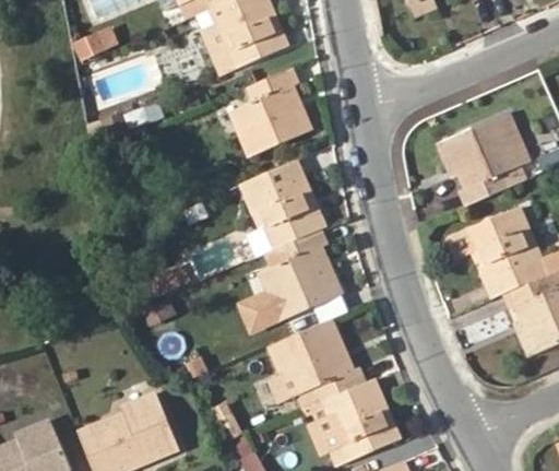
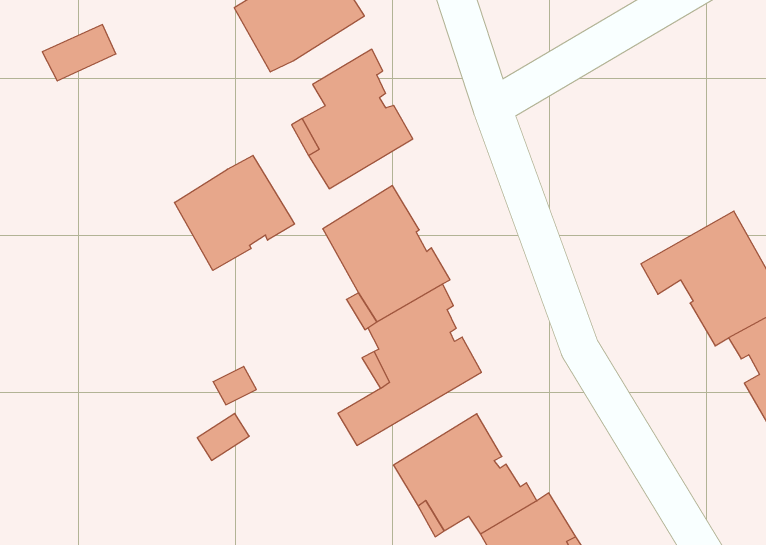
building: [438,109,534,202] -> none
building: none -> [174,155,295,270]

